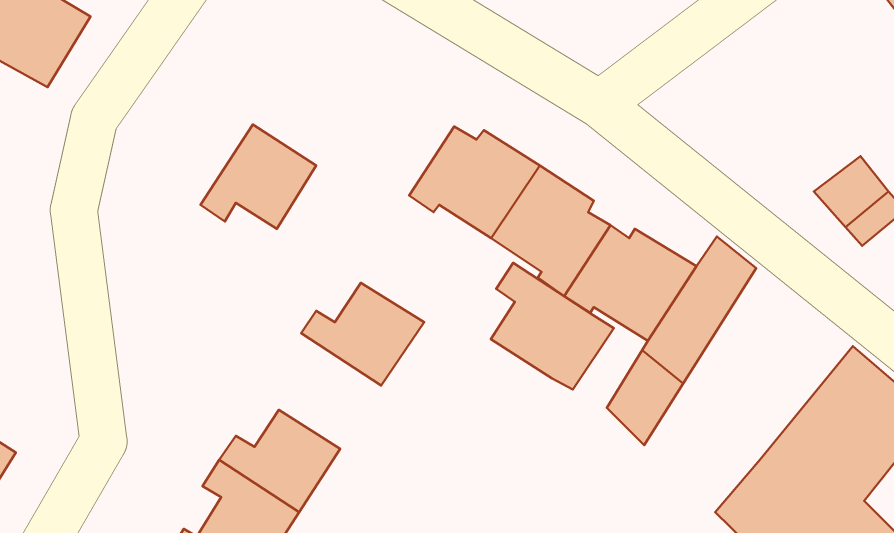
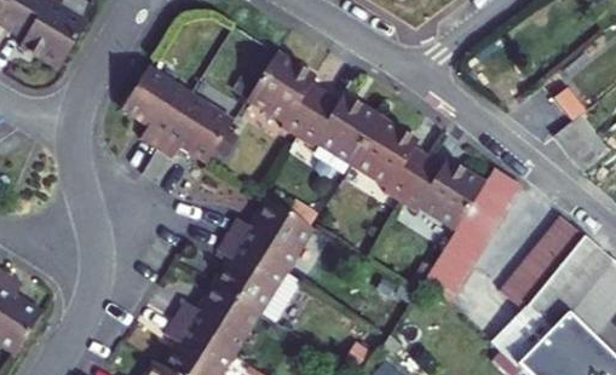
building: none -> [249,56,327,140]
building: none -> [128,68,196,146]
building: [491,263,614,390] -> [213,230,293,312]
building: none -> [500,219,586,312]

